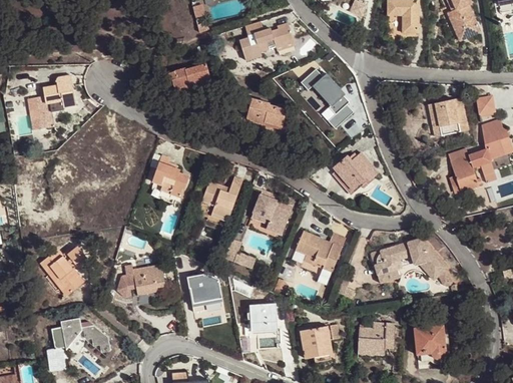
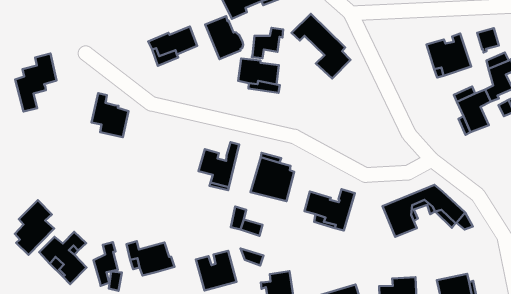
building: none -> [205,16,243,59]
building: none -> [252,28,283,58]
building: [334,152,379,192] -> none
building: [152,154,188,199] -> [92,93,129,137]
building: none -> [15,200,54,255]
building: none -> [94,242,118,286]

